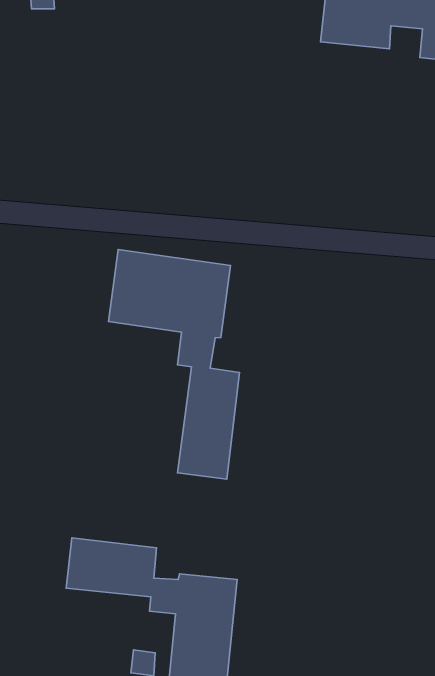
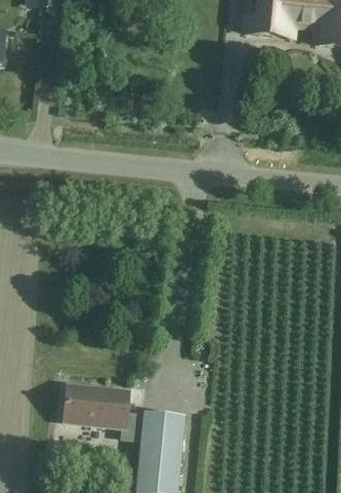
building: [109,250,240,479] -> none

